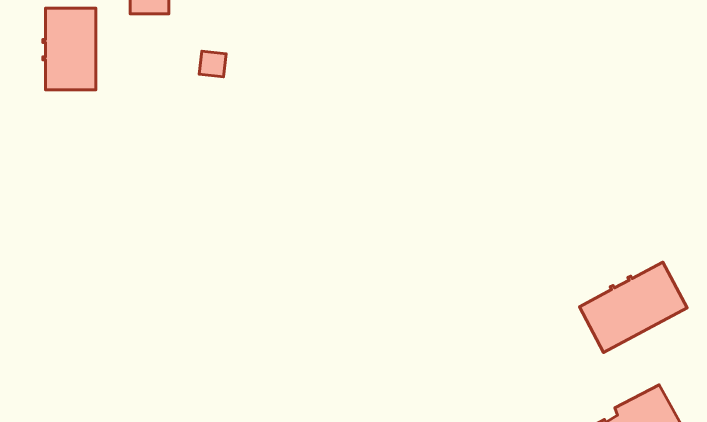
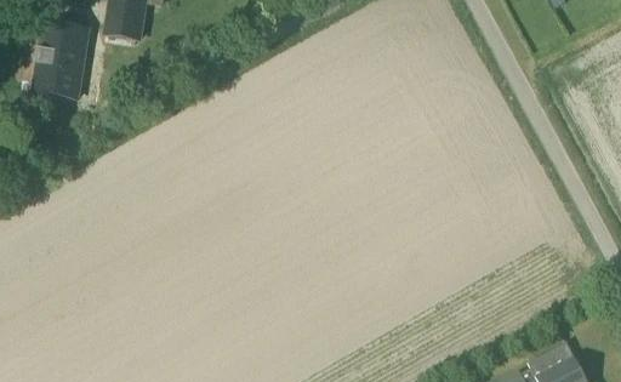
building: [579,262,687,352] -> none

